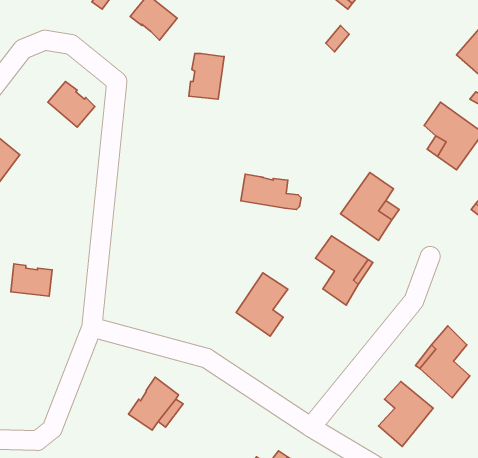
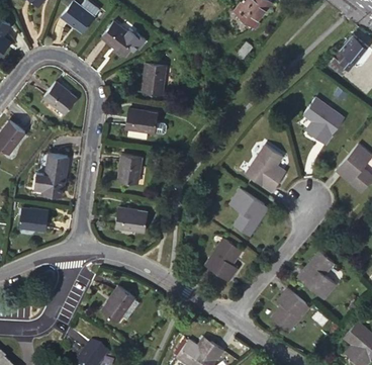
building: [241,174,301,210] -> [124,110,166,134]
building: none -> [34,154,67,195]
building: none -> [118,154,142,183]
building: none -> [115,208,147,232]
building: [236,273,288,336] -> [204,238,240,281]

